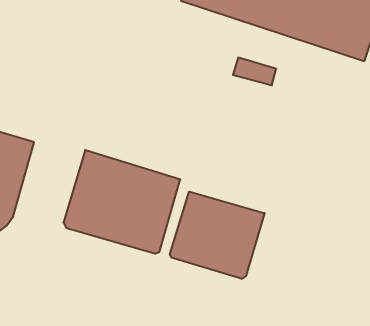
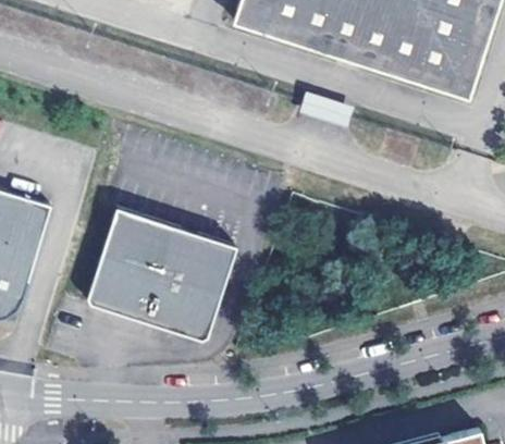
building: [170,192,265,279] -> none

